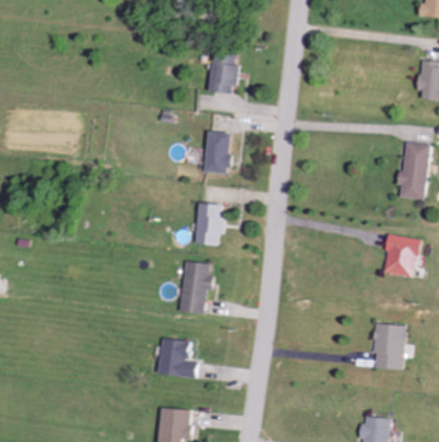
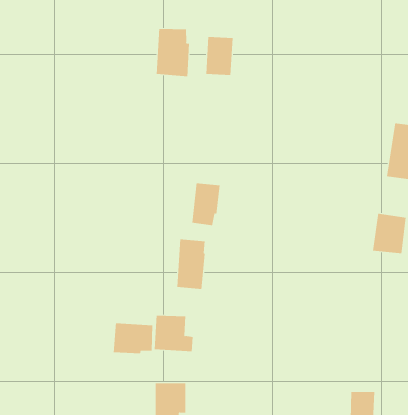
building: none -> [156,28,190,77]
building: [207,133,233,175] -> none
building: [371,323,402,368] -> none
building: none -> [113,323,153,354]

